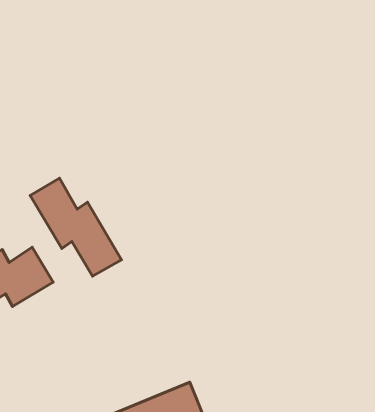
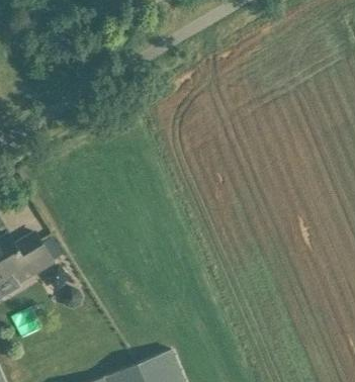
building: [30,178,122,276] -> none

